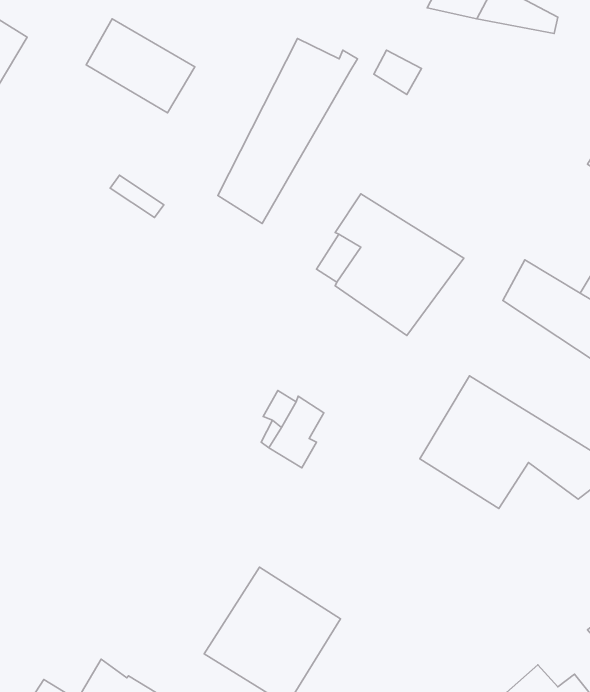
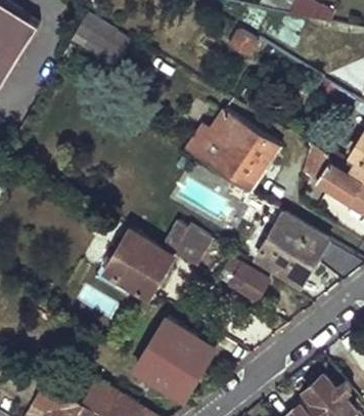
building: [218,39,357,223] -> none
building: none -> [105,231,173,298]
building: none -> [225,259,268,301]

